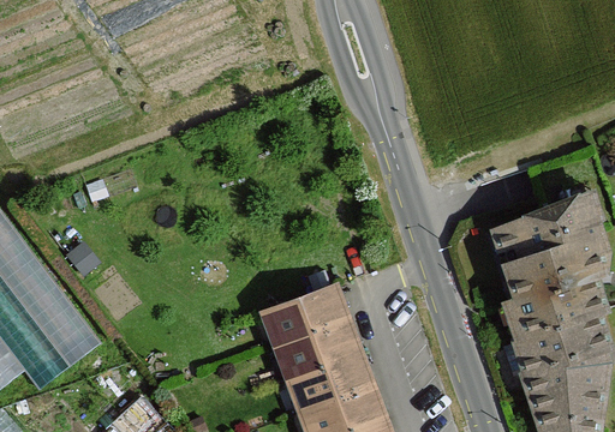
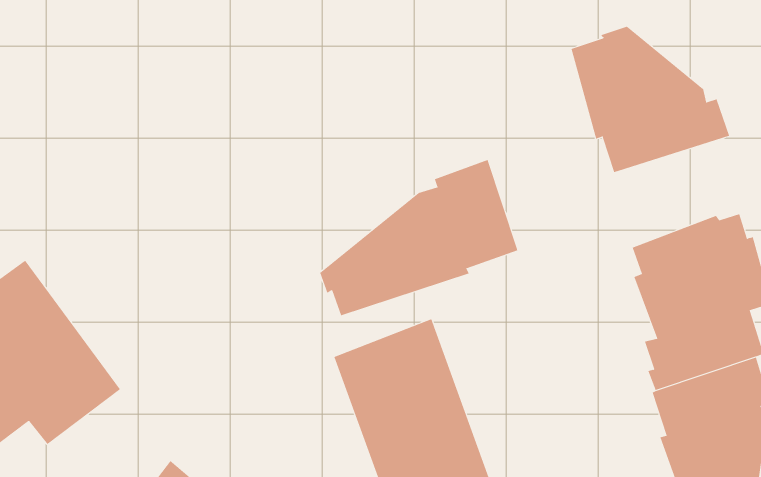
building: none -> [571,26,730,173]
building: none -> [320,159,518,316]

